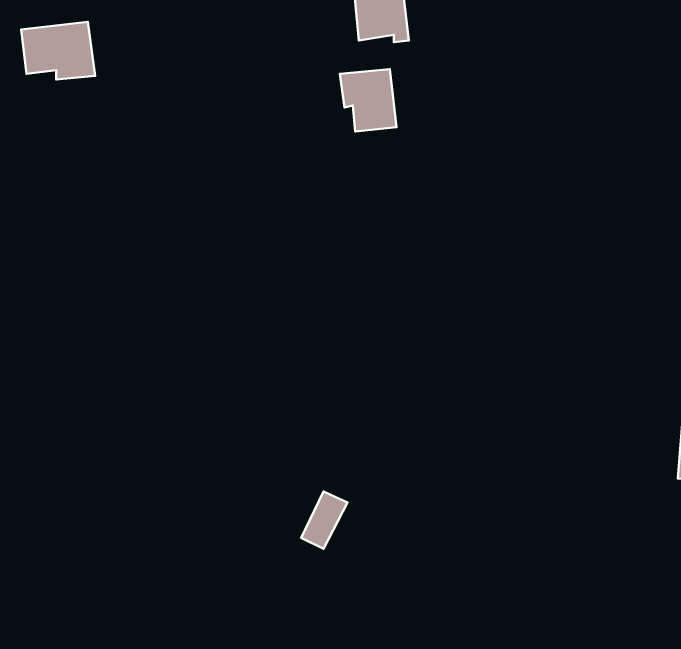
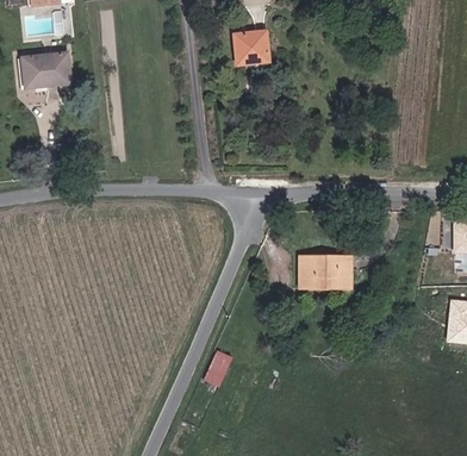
building: [340,69,396,131] -> none
building: none -> [304,258,357,291]

